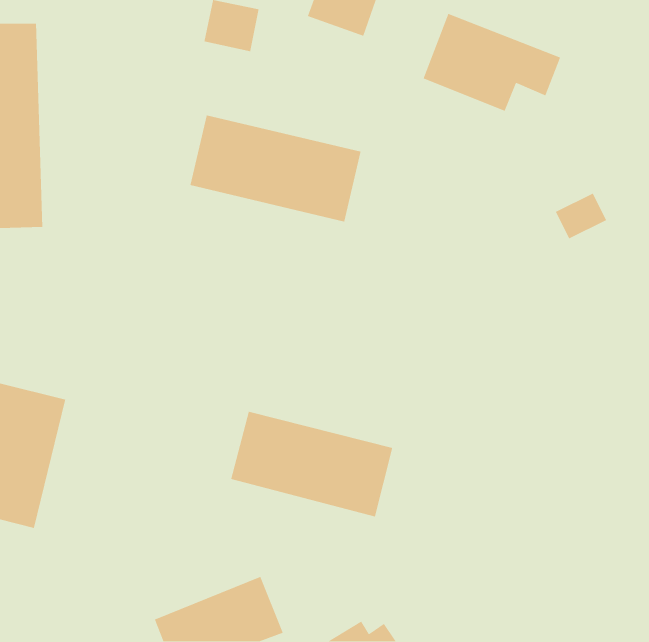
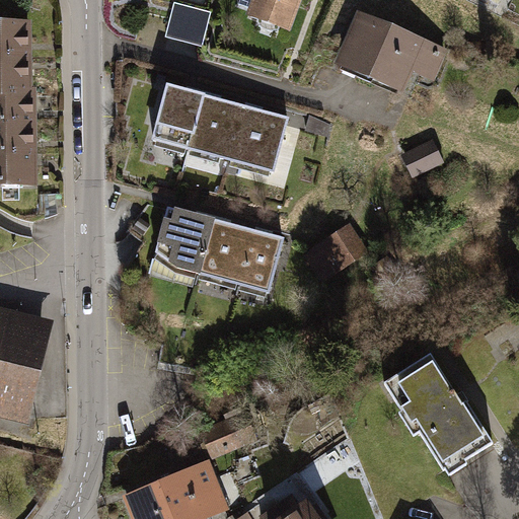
building: [555,193,607,240] -> [401,136,443,173]
building: none -> [304,220,368,278]
building: [230,411,393,517] -> [153,212,283,297]
building: none -> [382,353,488,473]

